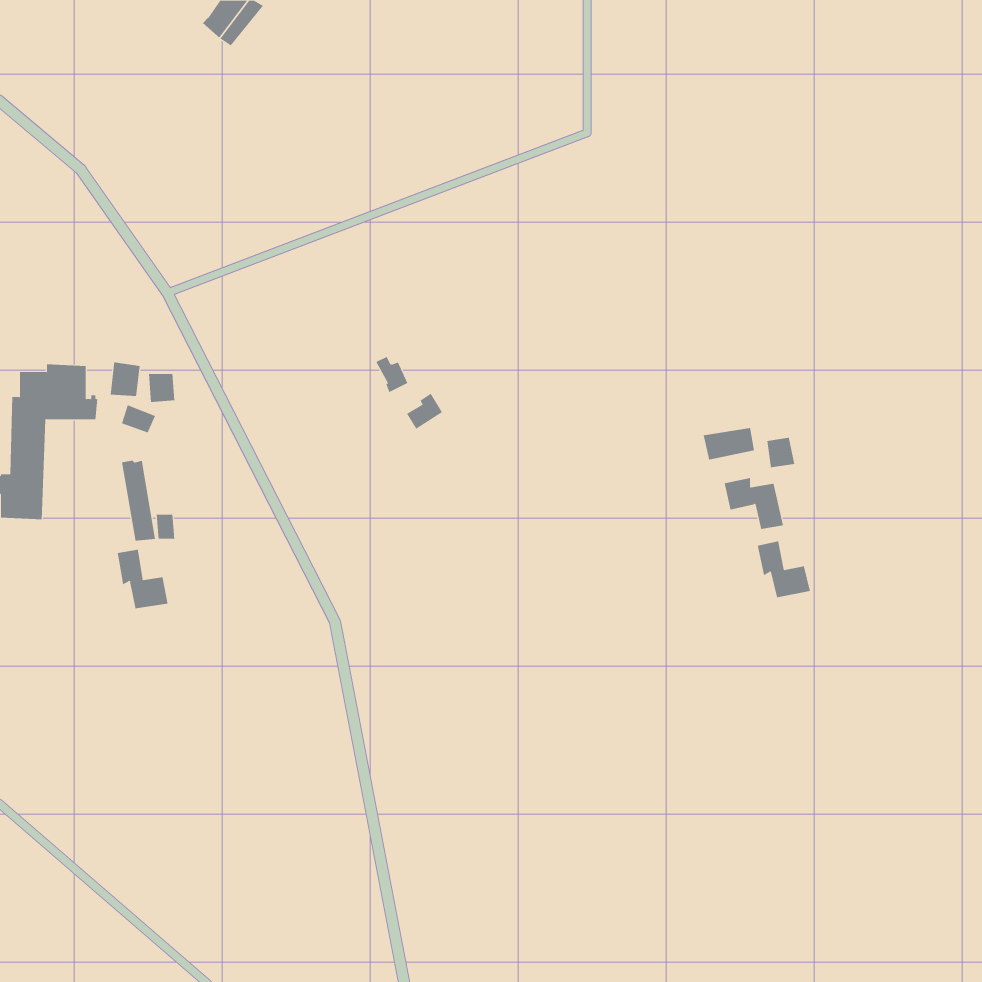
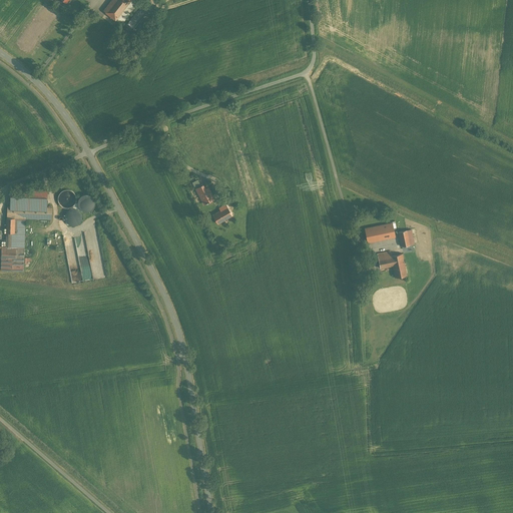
building: [757,541,811,598] -> none
building: [117,549,168,609] -> none

